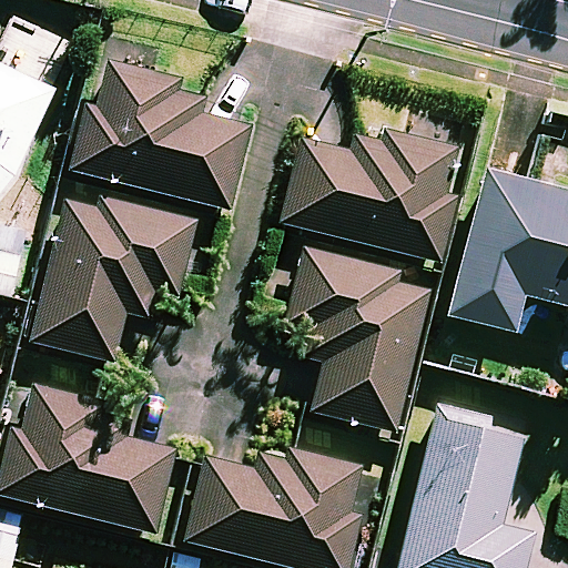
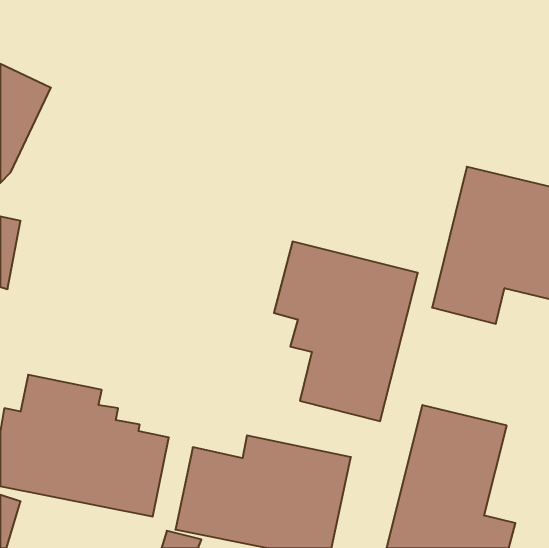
building: [71,60,251,209] -> none
building: [280,129,462,266] -> none
building: [30,190,195,362] -> none

